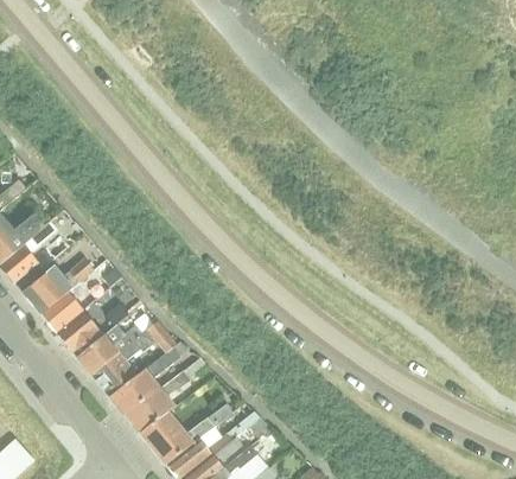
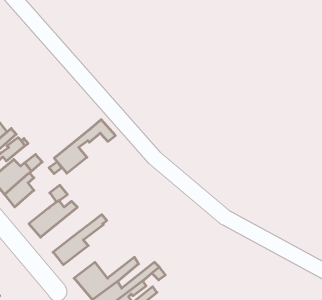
building: [55,308,103,356] -> none
building: [91,320,178,396] -> [54,120,115,173]
building: [123,356,205,433] -> none

